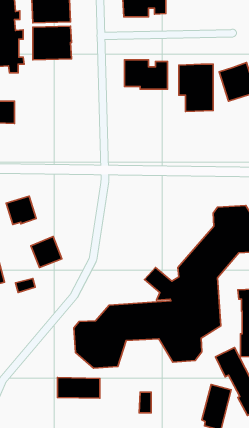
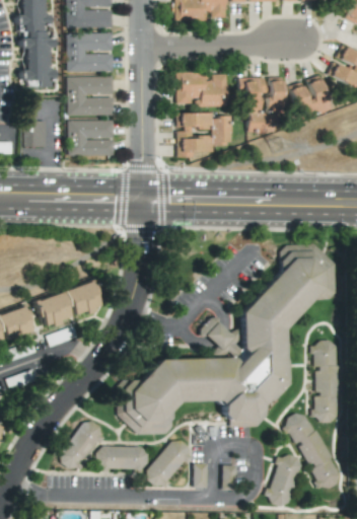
building: none -> [68,76,114,116]
building: none -> [176,113,232,157]
building: none -> [68,120,115,156]
building: [6,196,36,225] -> [35,292,71,325]
building: none -> [58,419,105,471]
building: none -> [145,438,194,489]

